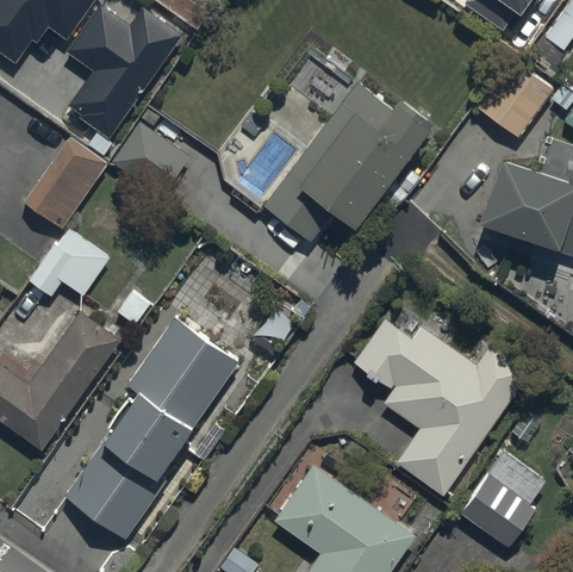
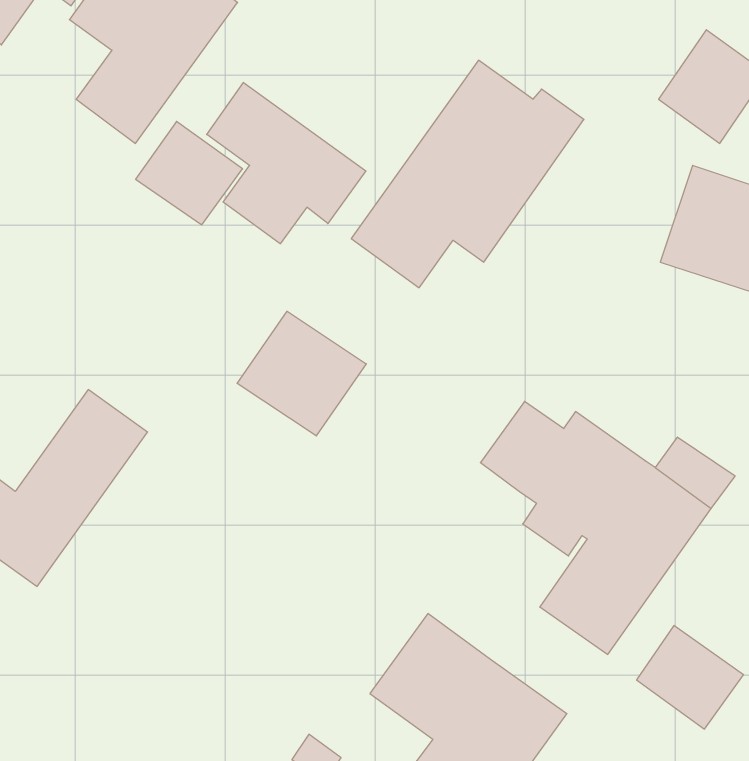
building: none -> [207,82,366,244]
building: [25,141,105,229] -> none
building: [30,229,111,298] -> none
building: none -> [237,311,366,436]
building: [67,321,239,542] -> none

